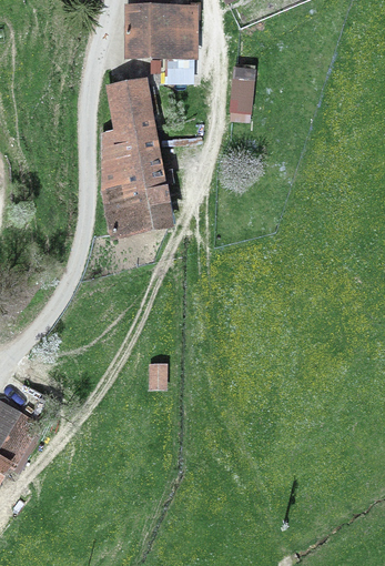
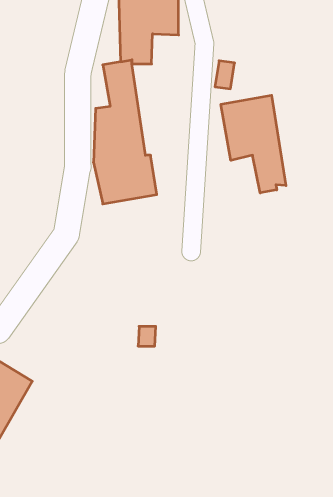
building: none -> [221,95,286,193]

